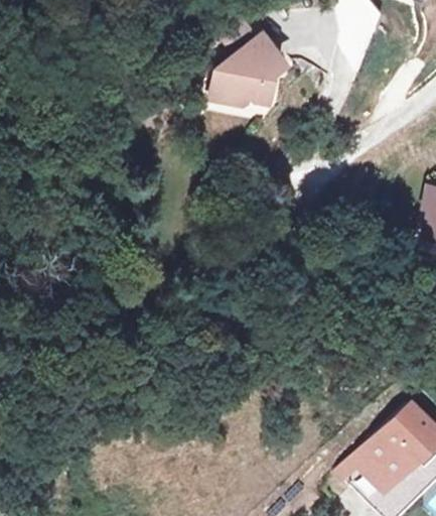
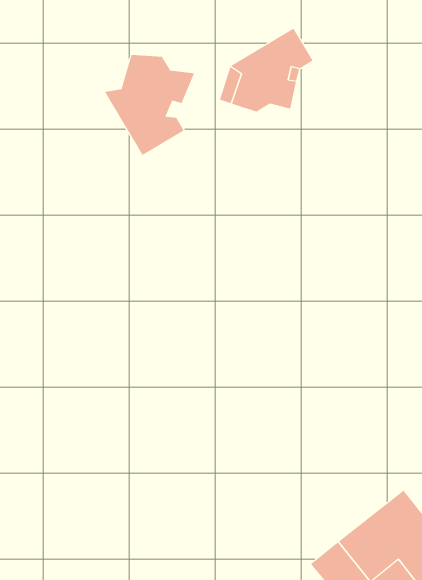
building: none -> [104,54,195,156]

